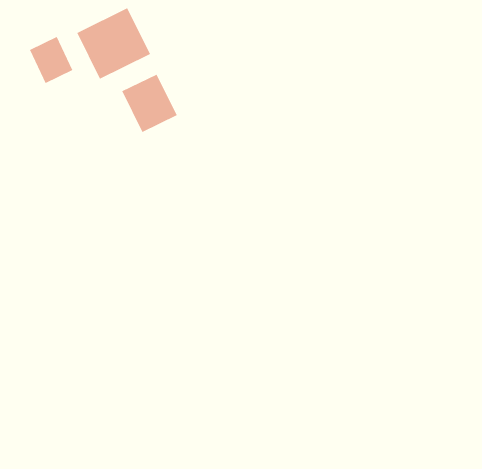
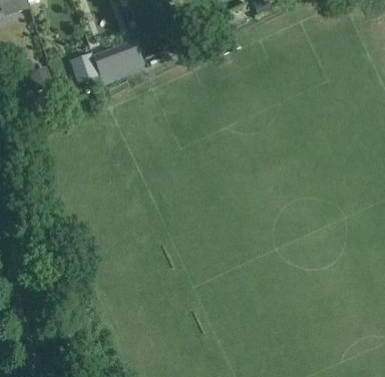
building: [121,74,177,133] -> none

